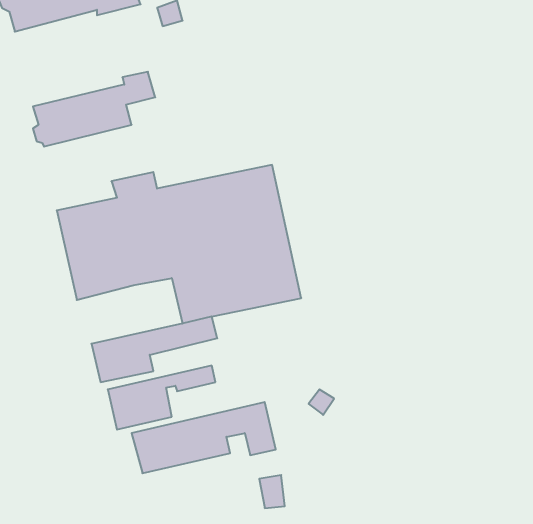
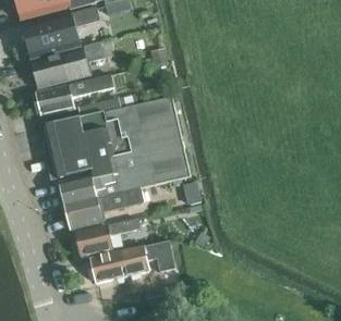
building: none -> [22,8,99,59]
building: none -> [36,74,113,116]
building: none -> [60,166,120,206]

